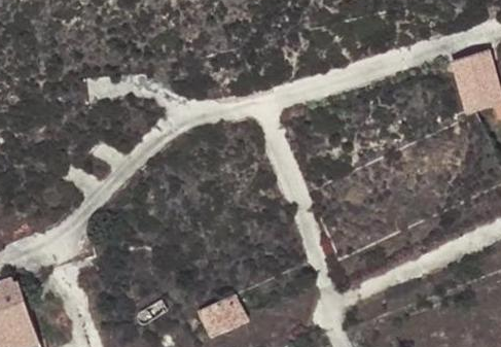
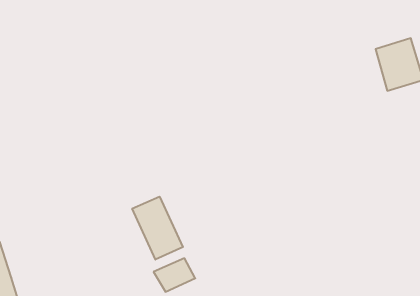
building: none -> [132,197,183,260]

